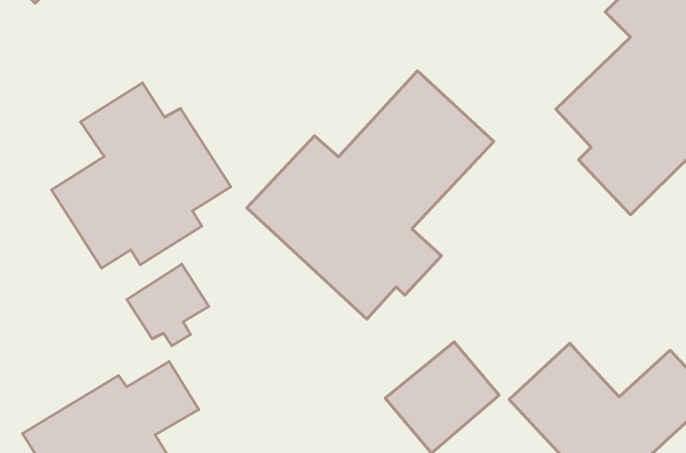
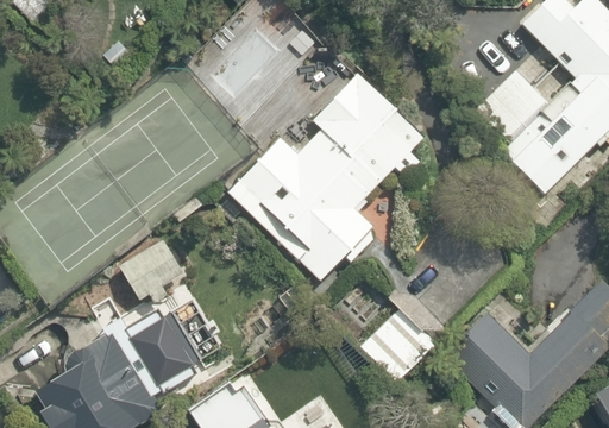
building: [51,83,231,268] -> none

